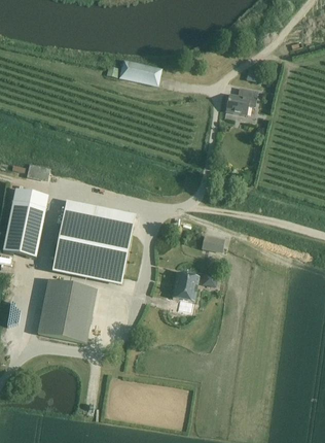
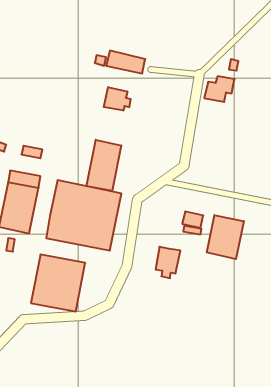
building: none -> [104,87,131,111]
building: none -> [86,140,121,191]
building: none -> [207,215,244,259]

